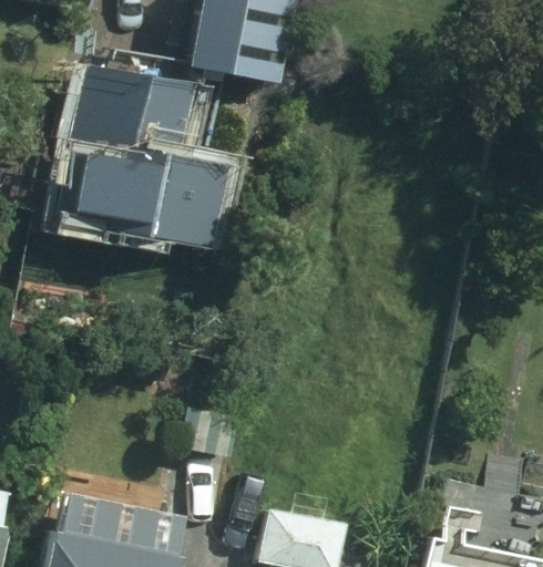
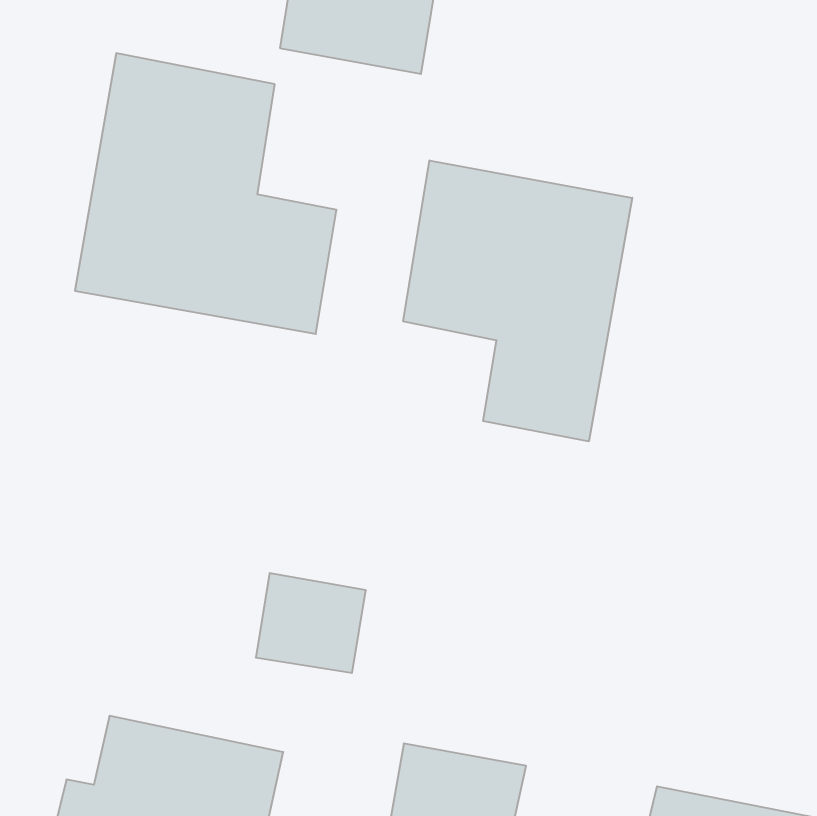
building: none -> [403,160,632,441]

